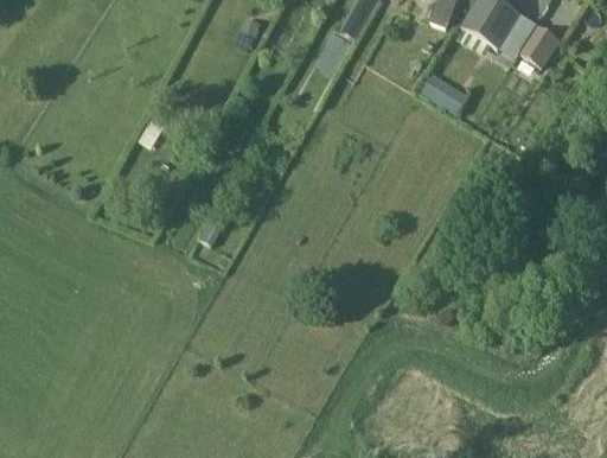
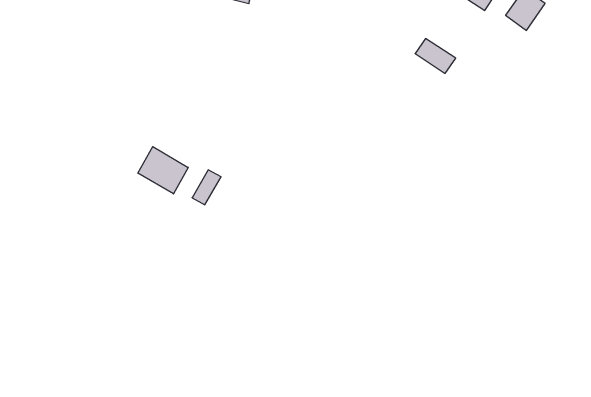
building: none -> [138,147,188,194]

